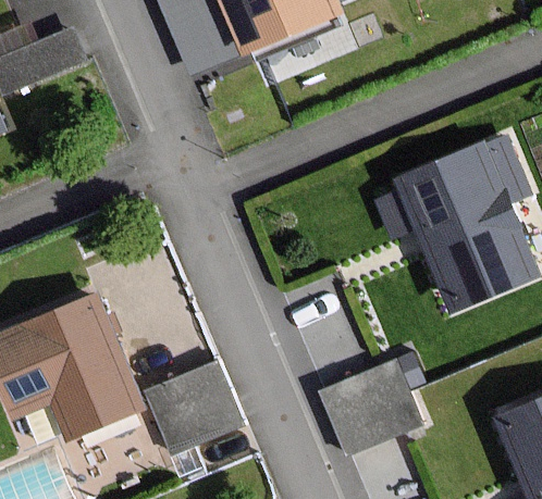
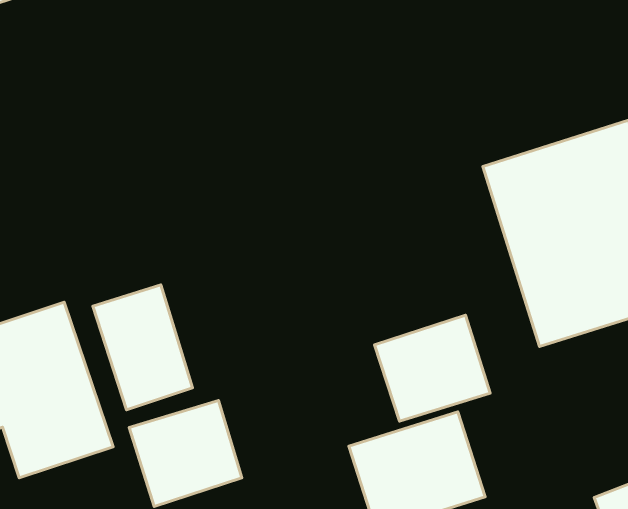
building: none -> [93,285,192,410]
building: none -> [375,315,490,421]

